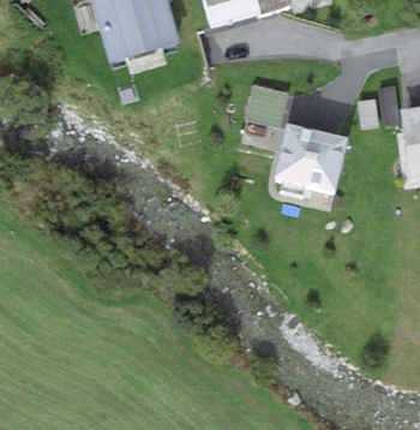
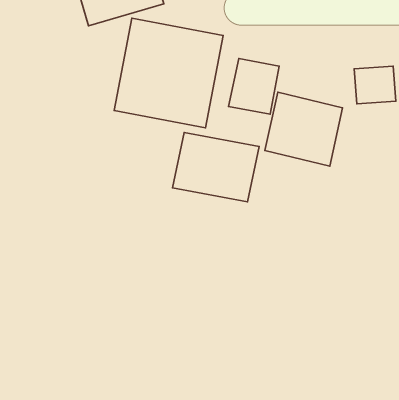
building: none -> [114,18,223,128]
building: none -> [173,132,259,202]

